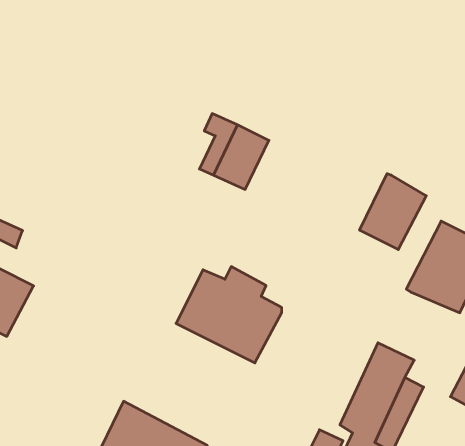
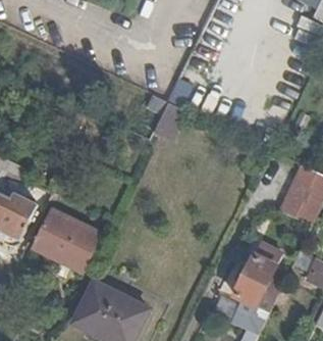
building: [360,174,426,250] -> none
building: [176,267,282,363] -> [35,209,103,272]

